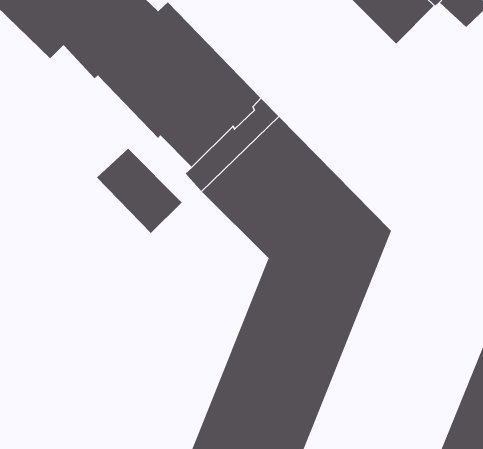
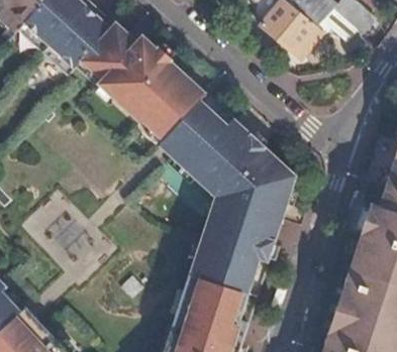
building: [96,148,183,234] -> none

